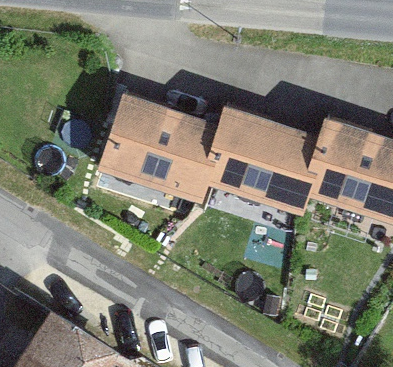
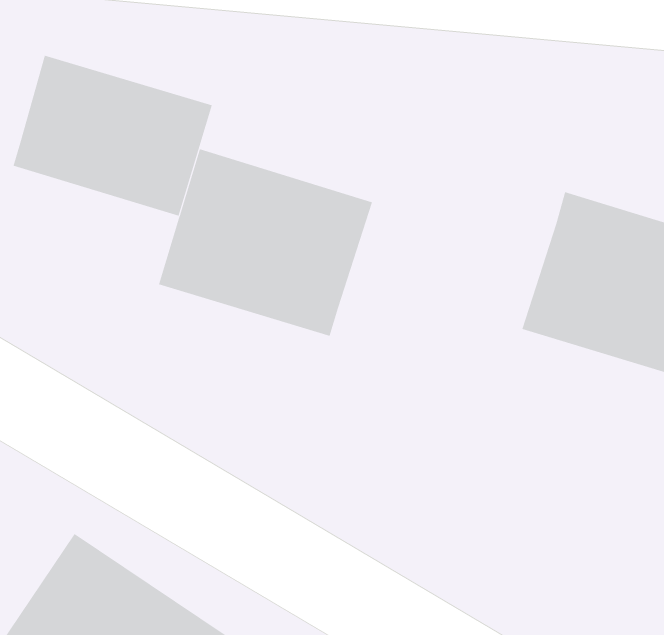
building: none -> [13,55,213,216]
building: [200,106,321,213] -> none

